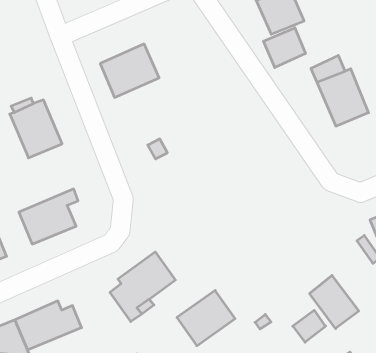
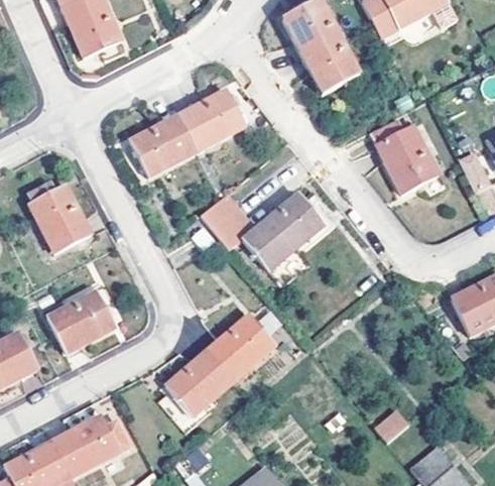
building: none -> [177,90,245,151]
building: [263,28,305,68] -> none
building: none -> [201,194,325,286]
building: [310,275,359,329] -> none
building: [177,290,235,346] -> [209,316,275,380]

